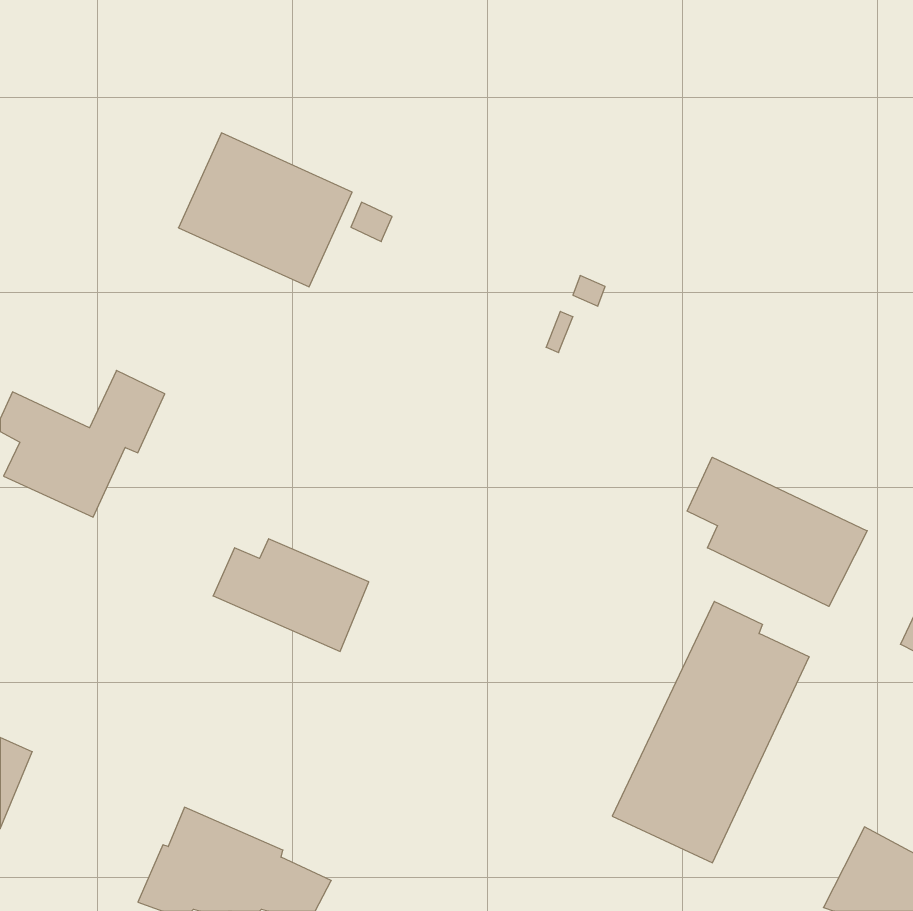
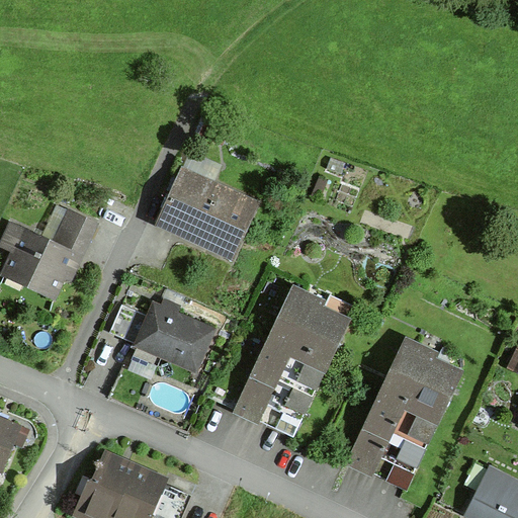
building: [178,133,352,287] -> [157,169,255,256]
building: [687,457,867,606] -> none
building: none -> [235,288,345,435]

